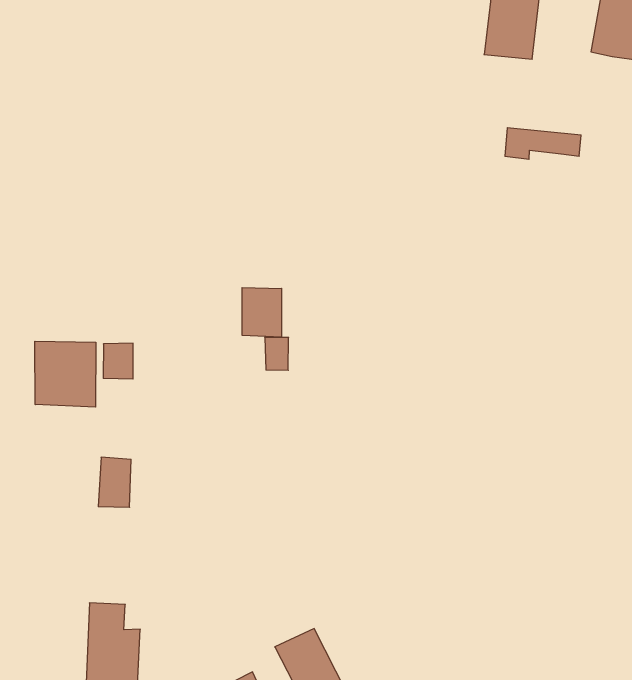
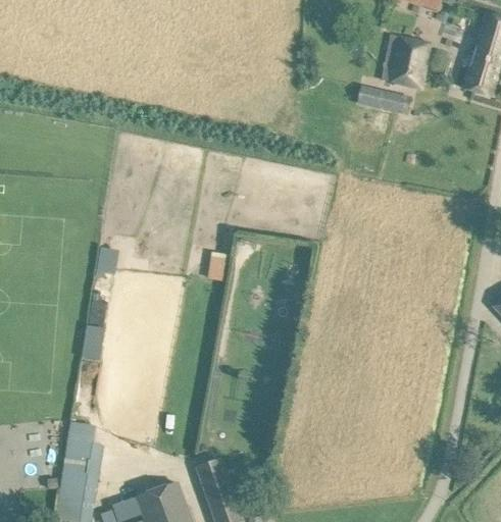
building: [505,128,581,159] -> [355,85,409,110]
building: [242,288,282,337] -> none
building: [35,341,96,407] -> none

